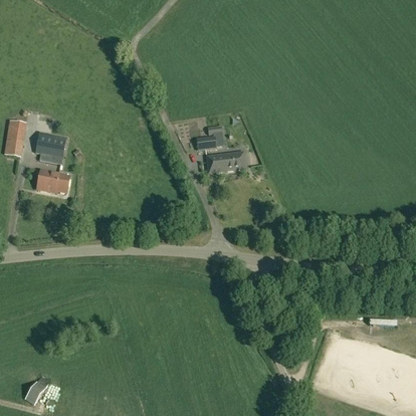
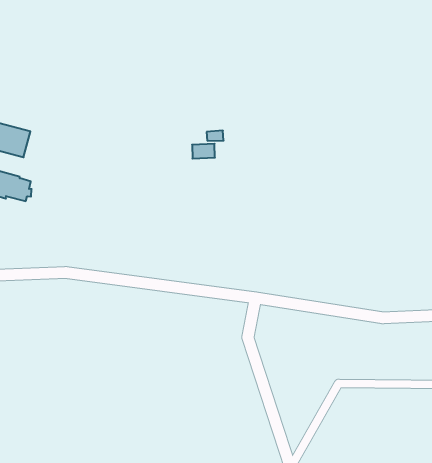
building: [207,153,245,173] -> none

